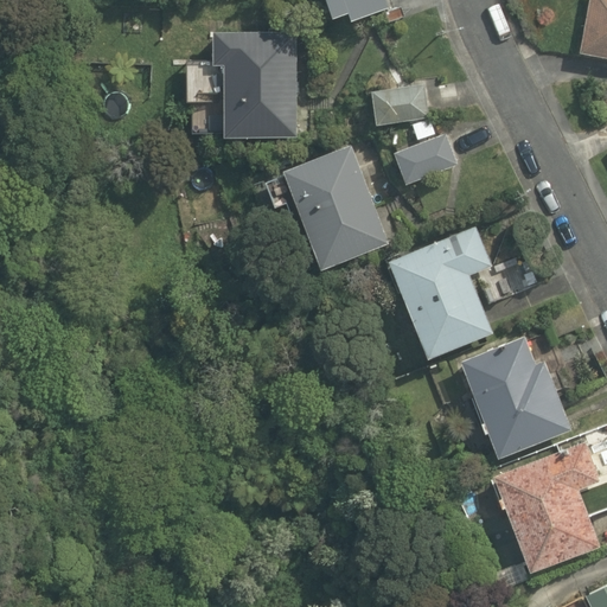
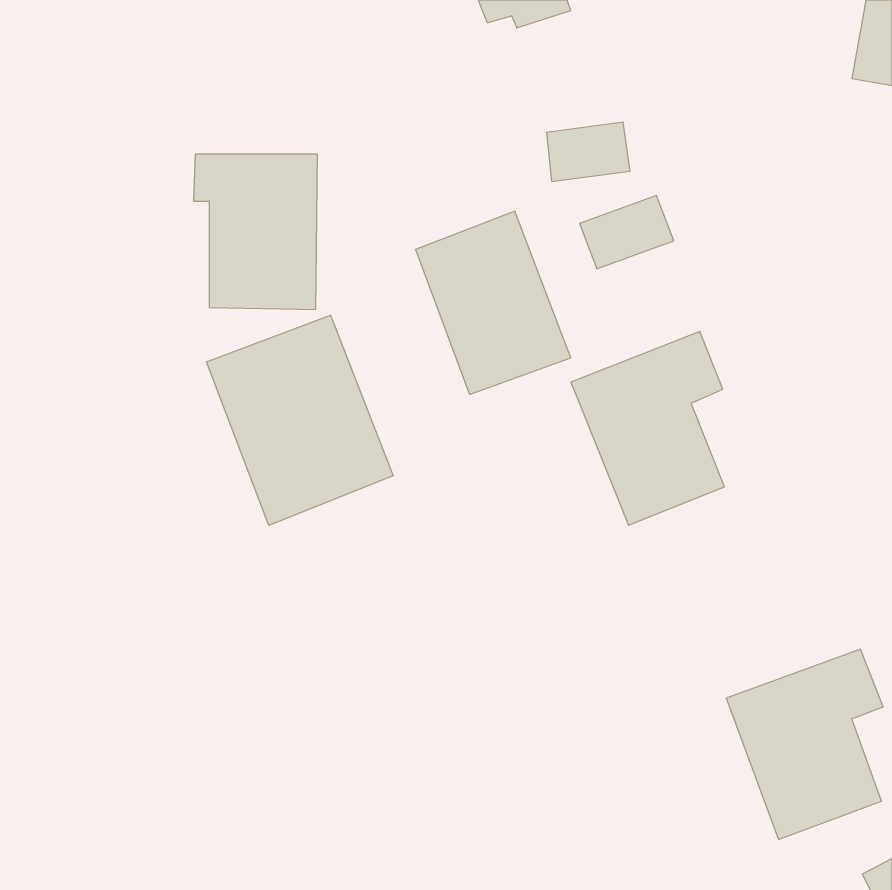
building: [212,32,296,138] -> [194,154,317,309]
building: none -> [206,315,393,525]
building: [460,336,570,458] -> none

